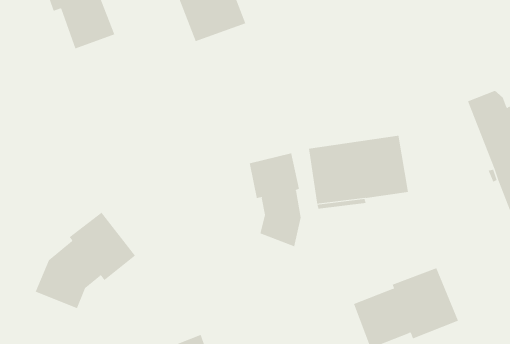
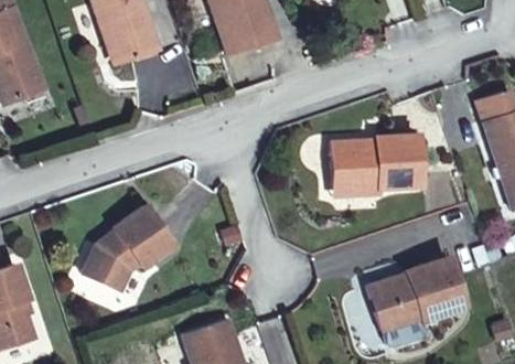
building: [249,152,301,247] -> none

